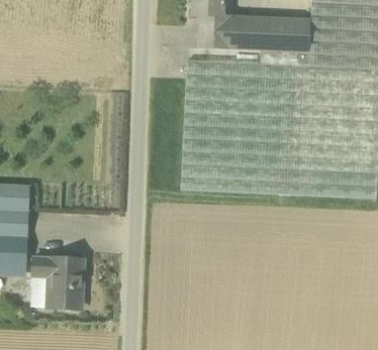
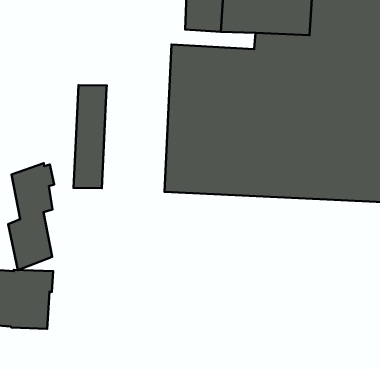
building: none -> [74,85,107,188]
building: none -> [8,163,54,270]

